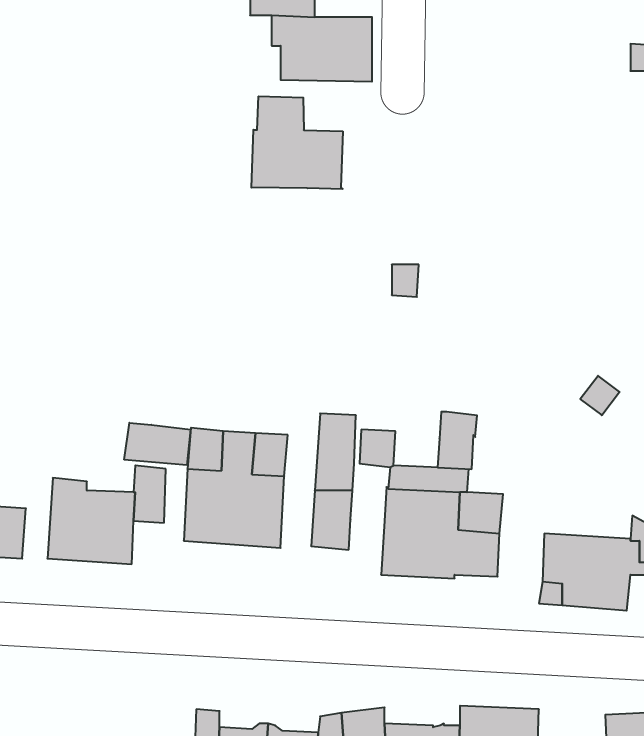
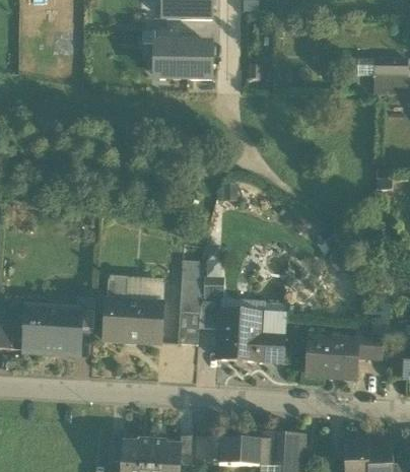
building: [251,96,343,189] -> none
building: [438,412,477,469] -> [200,295,222,328]
building: [124,423,191,465] -> none

